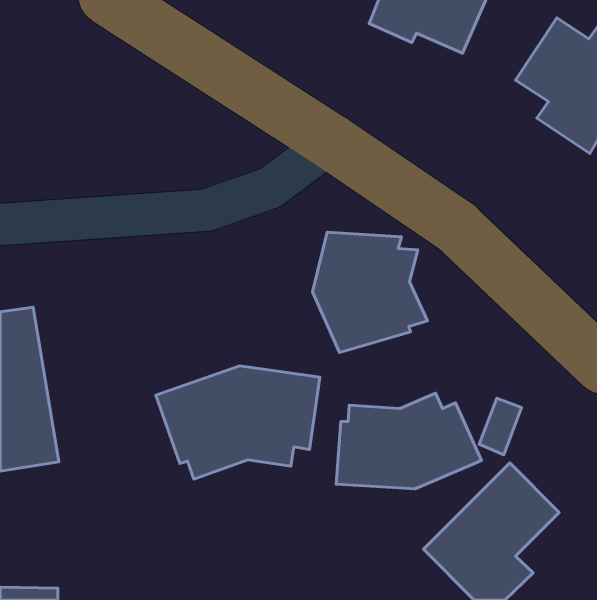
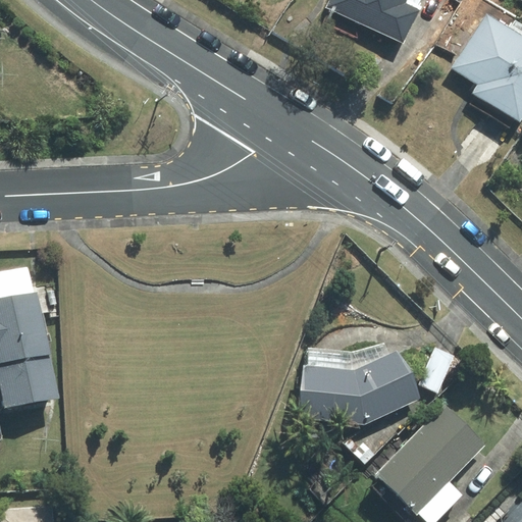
building: [312,232,428,353] -> none
building: [156,366,320,479] -> none

